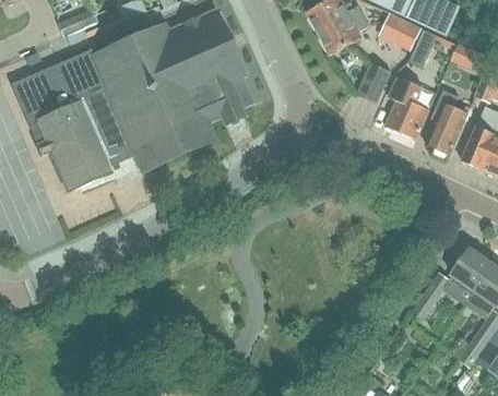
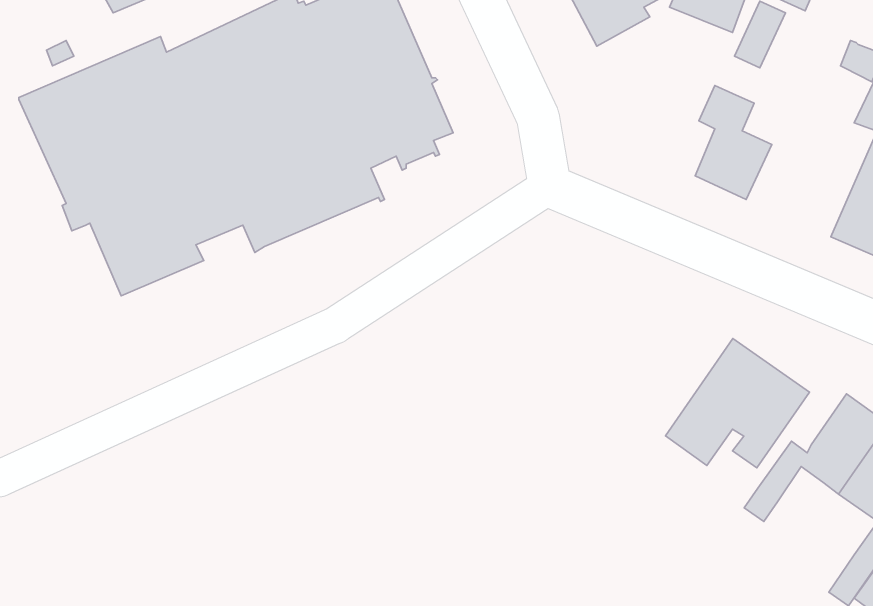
building: [357,61,391,103] -> none
building: [426,88,469,154] -> none
building: none -> [666,339,809,468]

